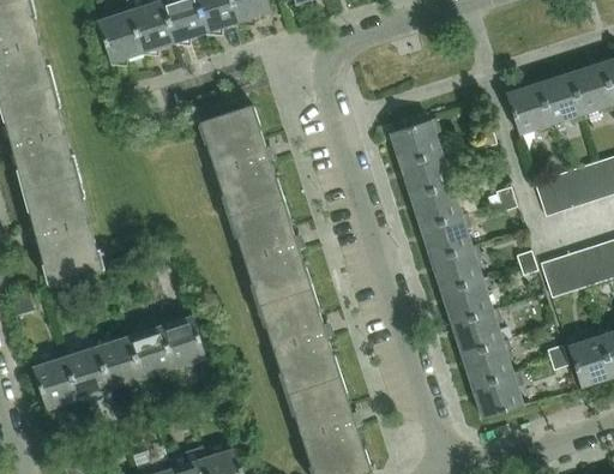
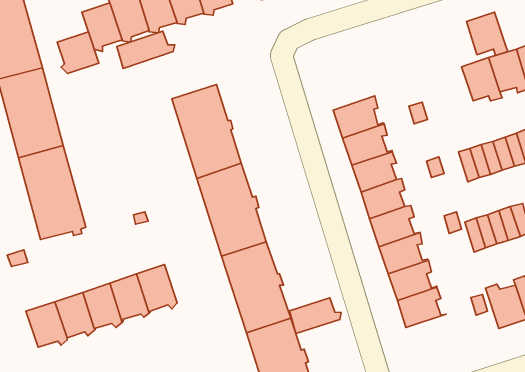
building: none -> [117,31,175,68]
building: none -> [57,32,99,73]
building: [504,84,552,134] -> [467,12,508,56]
building: none -> [289,298,341,333]
building: [471,371,523,419] -> none

